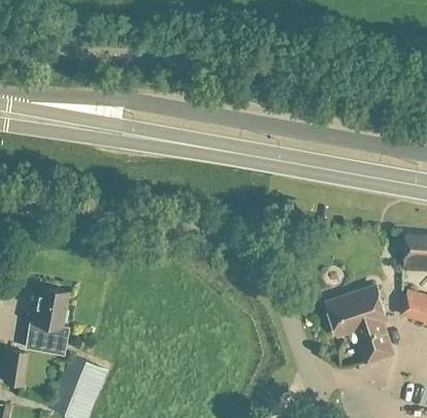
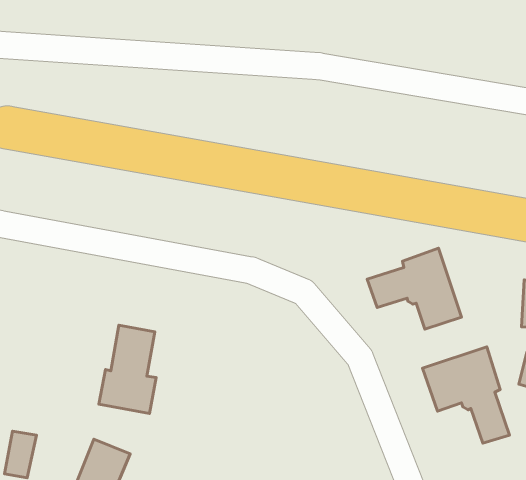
building: none -> [367,248,462,329]
building: [24,288,68,356] -> [99,325,156,414]

